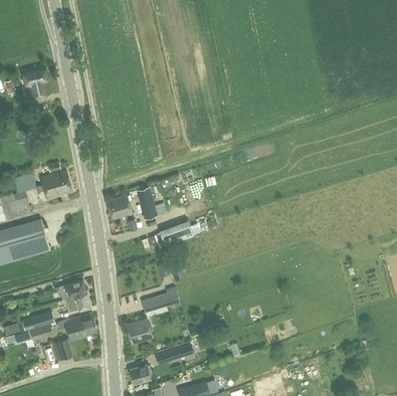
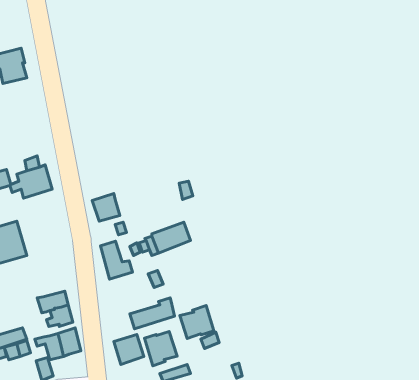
building: [136,186,164,219] -> [100,241,133,279]
building: none -> [180,306,214,338]
building: none -> [144,331,177,366]

